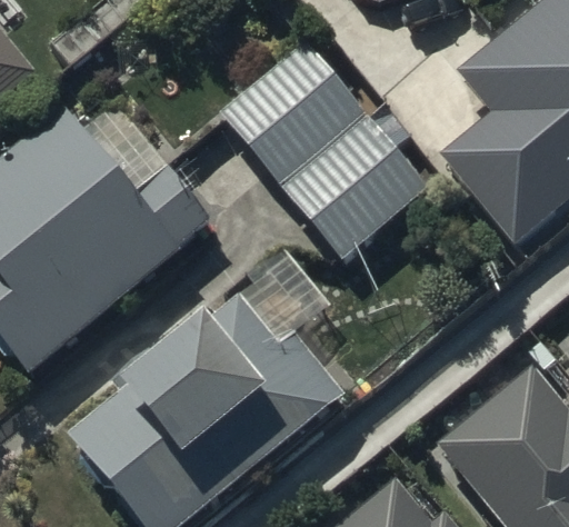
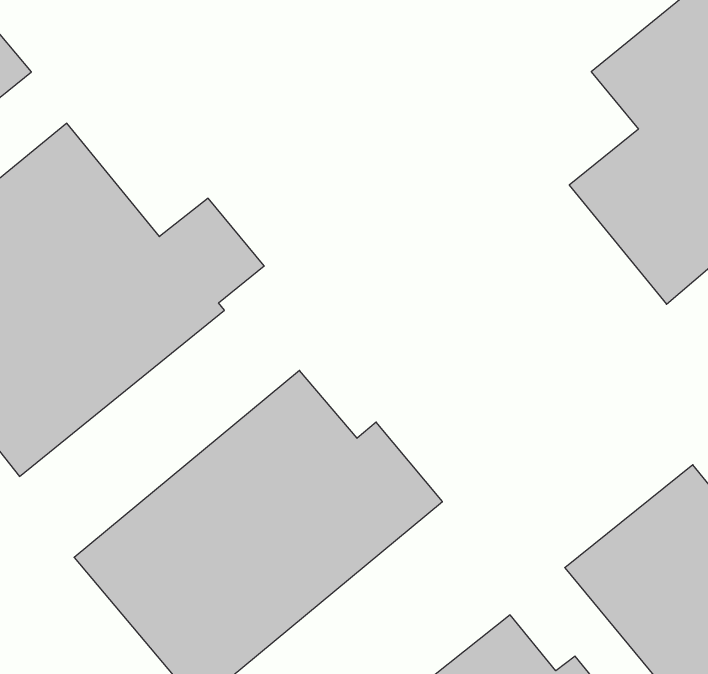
building: [221,39,365,180] -> none
building: [282,113,428,256] -> none

